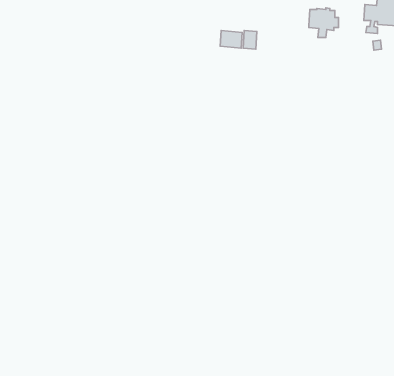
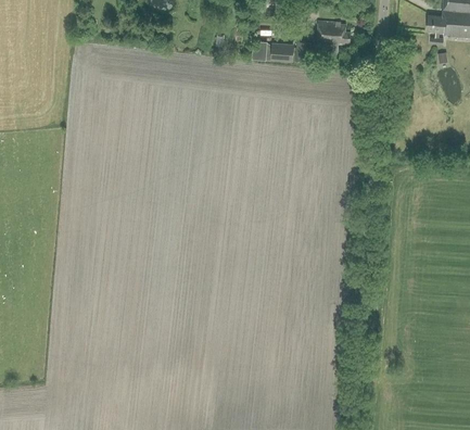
building: [309,8,339,37] -> [316,21,348,53]

